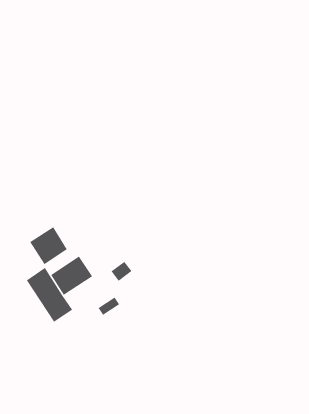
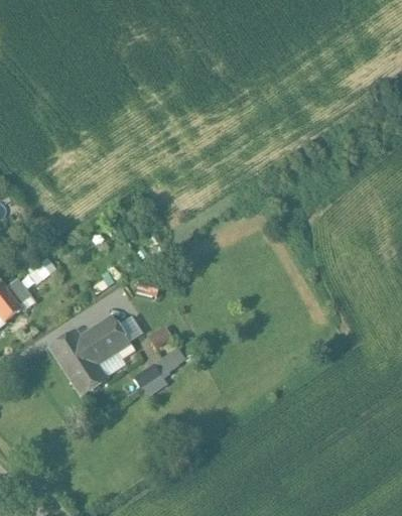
building: [29,226,68,265] -> none

